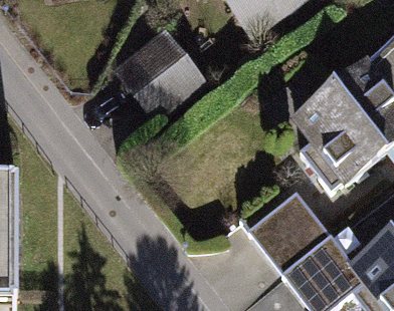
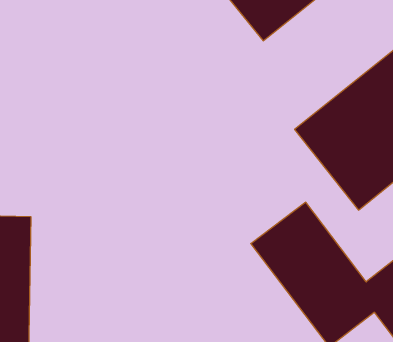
building: [109,24,207,122] -> none

